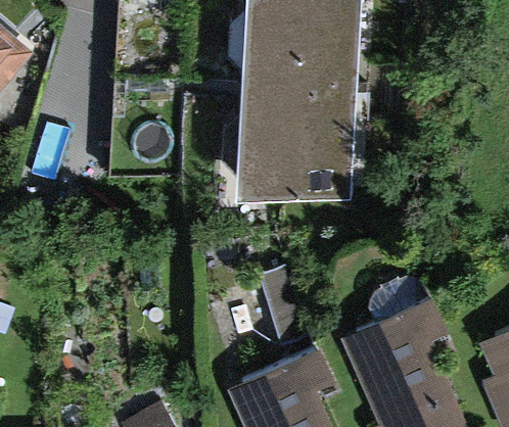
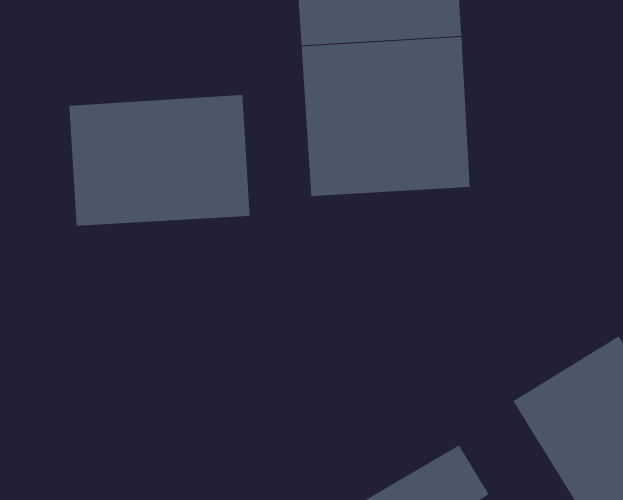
building: none -> [69,94,250,226]

